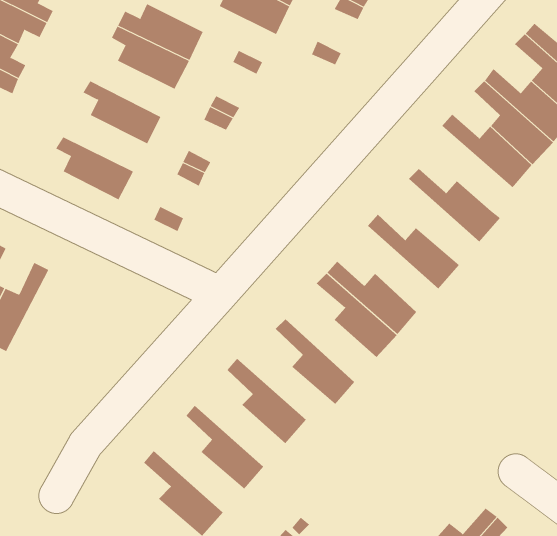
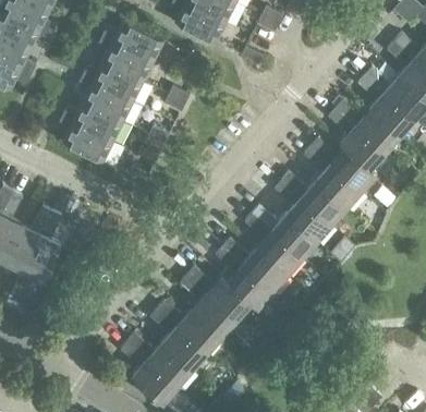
building: none -> [81,62,142,102]
building: none -> [61,101,122,142]
building: none -> [327,109,385,170]
building: none -> [302,147,361,209]
building: none -> [272,181,331,243]
building: none -> [21,213,61,282]
building: none -> [221,239,287,293]
building: none -> [186,268,257,320]
building: none -> [156,301,221,354]
building: none -> [126,334,192,387]

